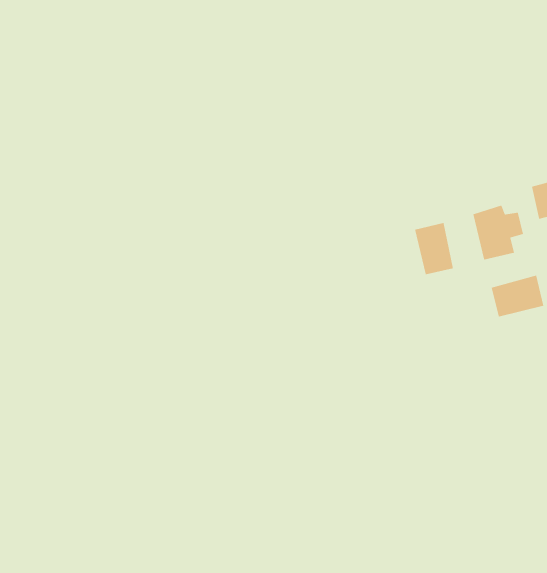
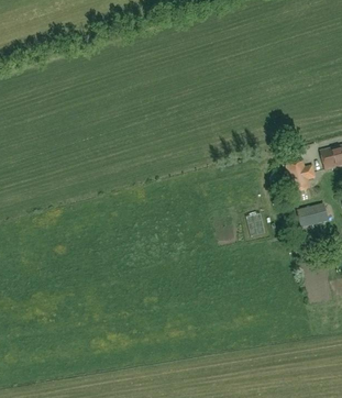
building: [414,222,453,275] -> none

